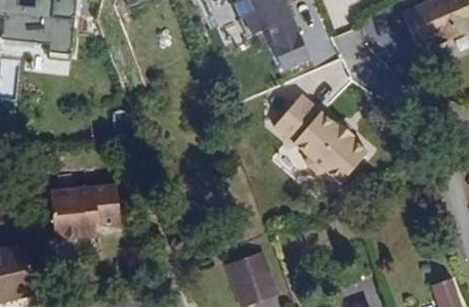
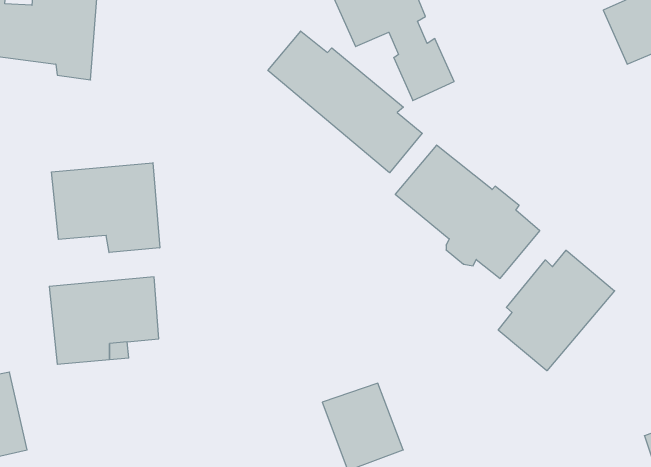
building: none -> [268,31,422,173]
building: none -> [52,163,160,253]
building: none -> [498,250,615,371]

